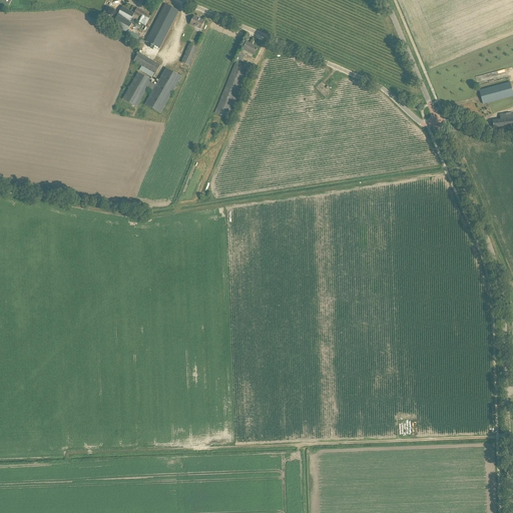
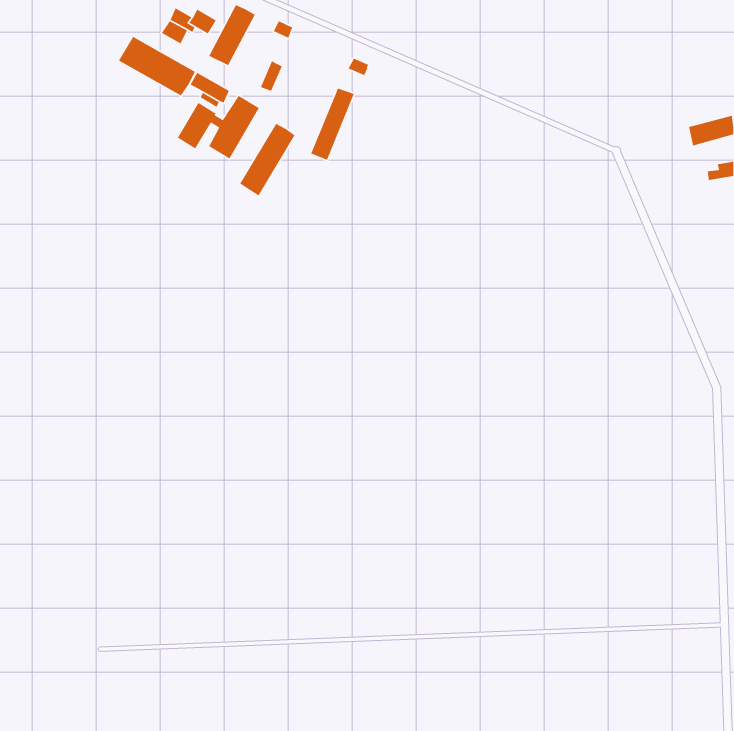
building: none -> [118,36,196,96]
building: none -> [239,123,295,196]

